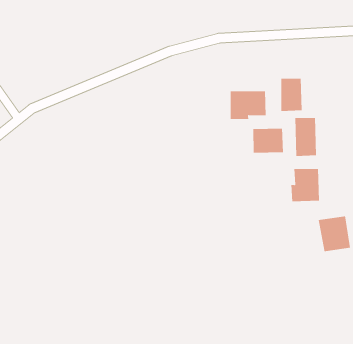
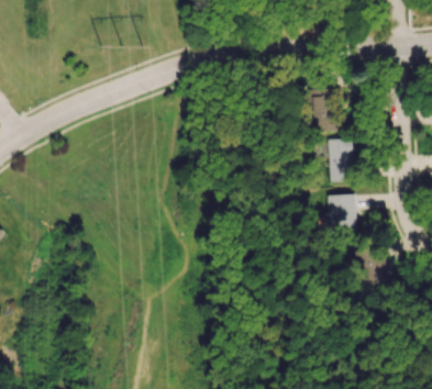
building: [230,90,266,120] -> none
building: [253,128,284,154] -> none

